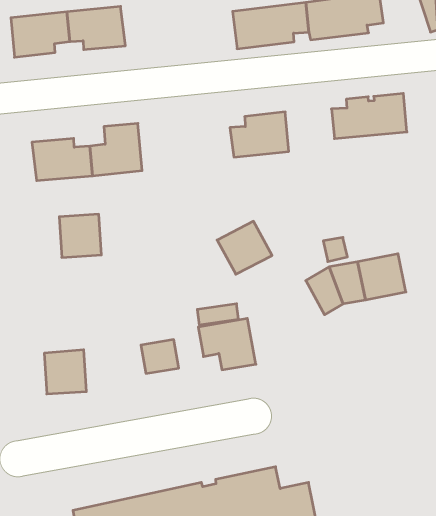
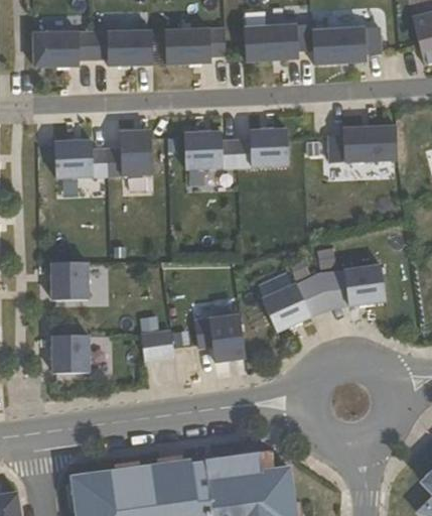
building: none -> [152,28,203,64]
building: none -> [183,132,237,169]
building: [59,214,101,257] -> [51,262,88,299]
building: [217,221,272,274] -> [261,284,310,332]

